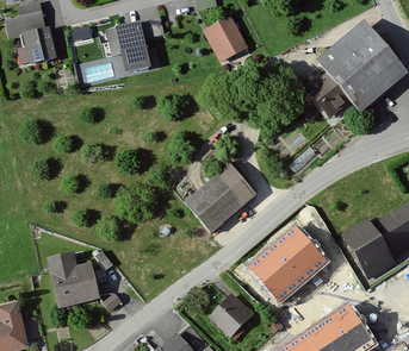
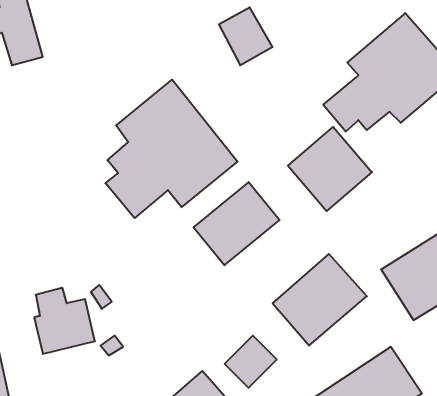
building: [111,21,151,74] -> none
building: none -> [105,80,238,218]
building: none -> [288,127,372,211]

